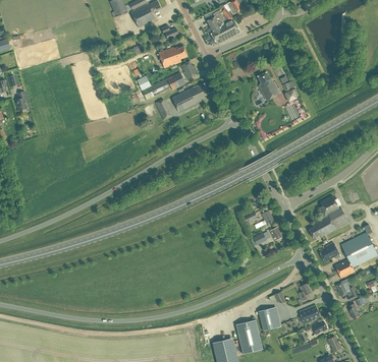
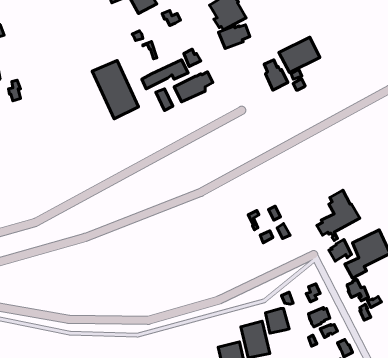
building: [157,45,186,67] -> [219,25,250,48]
building: none -> [279,37,320,72]
building: none -> [92,60,138,119]

